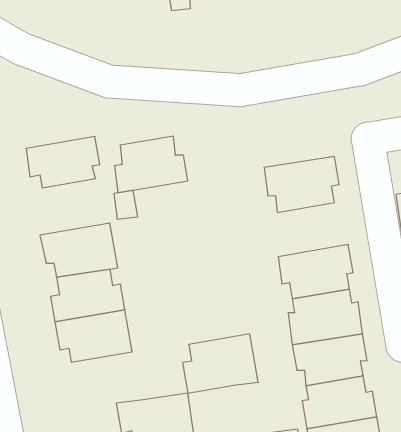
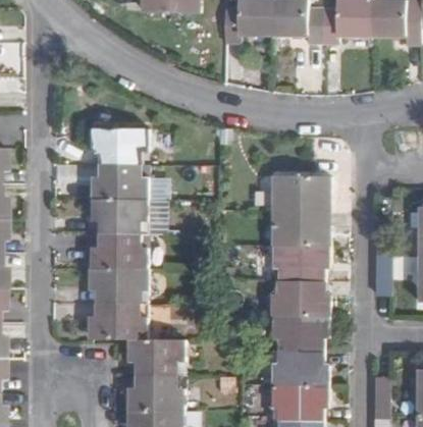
building: [114,136,188,193] -> [91,162,147,199]
building: none -> [273,213,329,248]
building: [183,334,258,393] -> [91,302,147,340]

